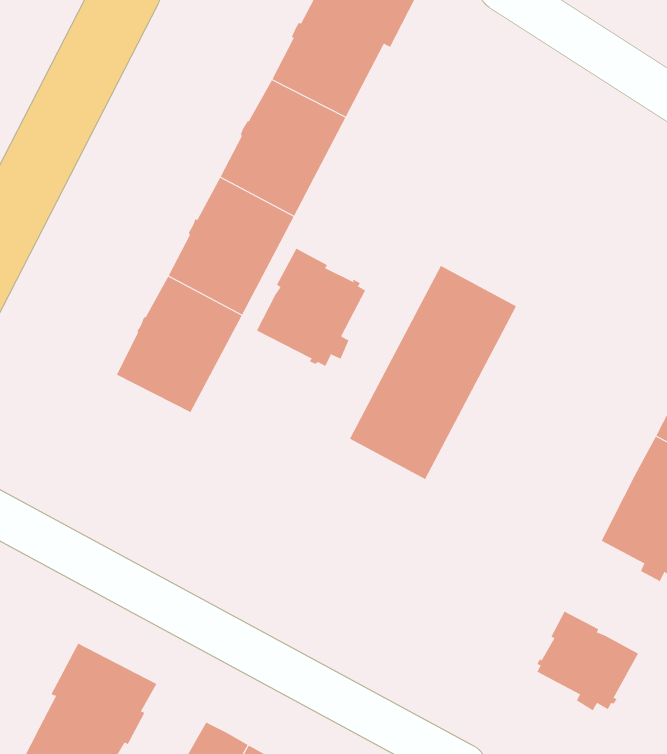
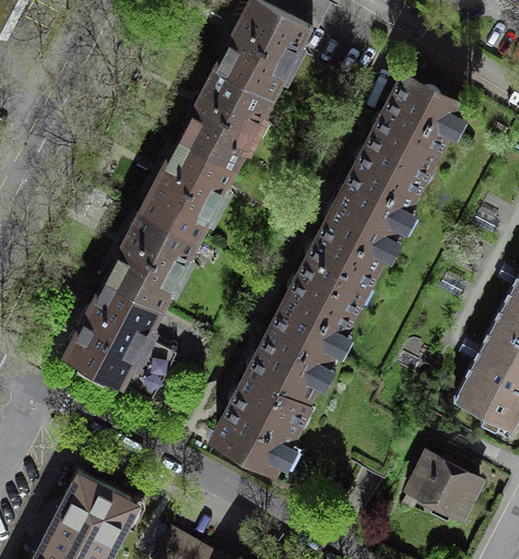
building: none -> [338,78,458,231]
building: [256,248,366,367] -> none
building: none -> [66,281,176,400]
building: none -> [215,326,327,464]

